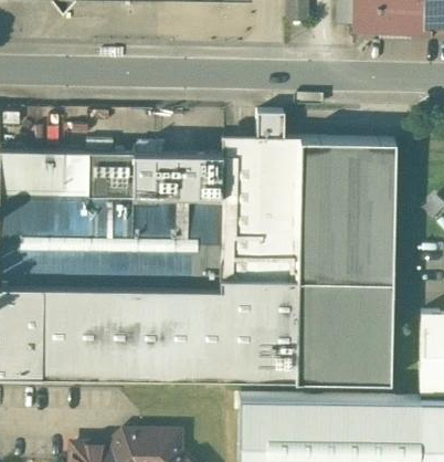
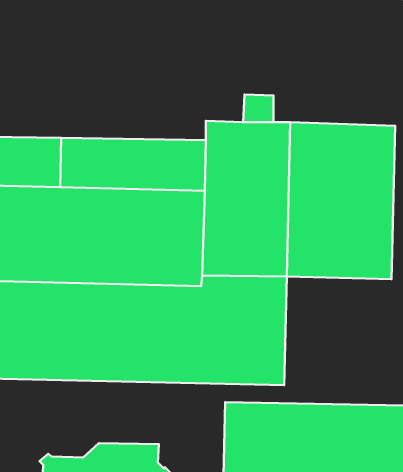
building: [295,281,393,382] -> none

